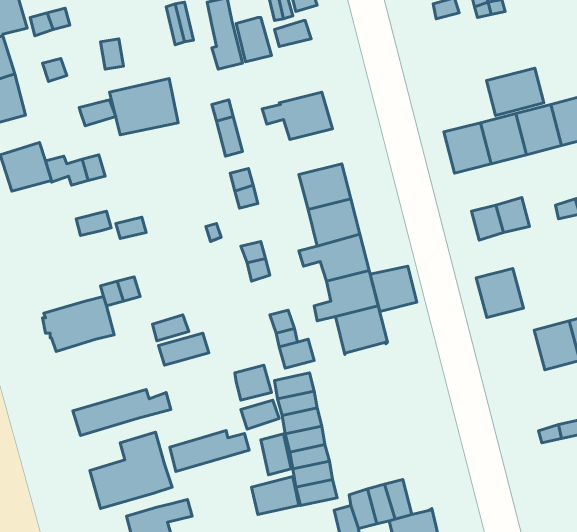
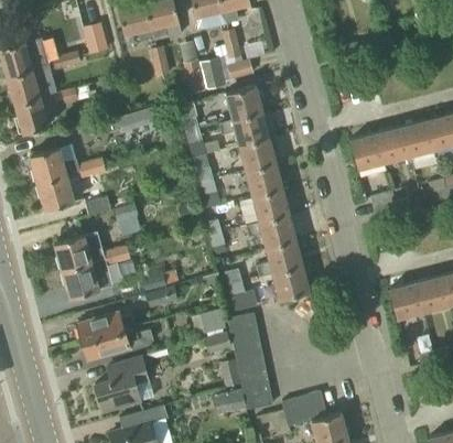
building: none -> [225,85,262,119]
building: [487,68,544,115] -> none
building: none -> [239,138,277,171]
building: none -> [39,175,75,210]
building: none -> [54,236,91,271]
building: [370,266,417,311] -> none
building: [476,269,523,317] -> [389,283,423,318]
building: [170,430,249,472] -> [78,312,136,342]

